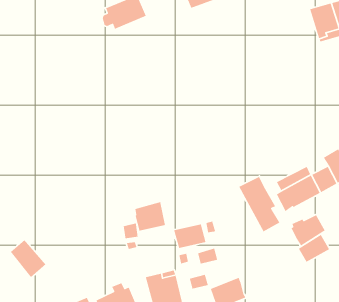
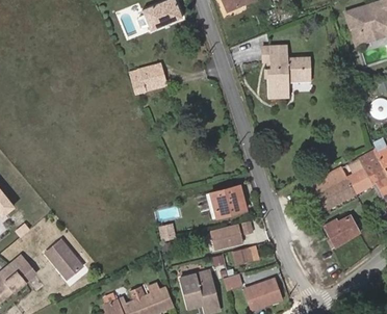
building: none -> [267,45,311,98]
building: none -> [130,62,169,95]
building: [238,176,281,233] -> none
building: [135,201,166,232] -> [212,187,243,217]
building: [298,234,330,263] -> none

